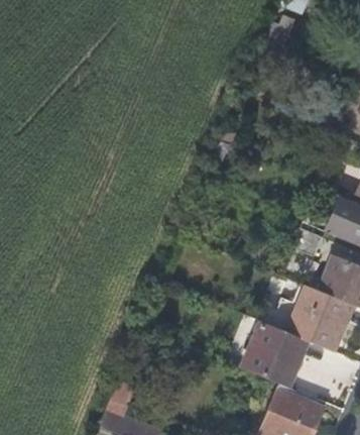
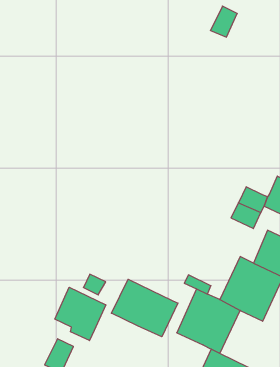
building: none -> [111,279,178,337]
building: none -> [55,287,106,341]

